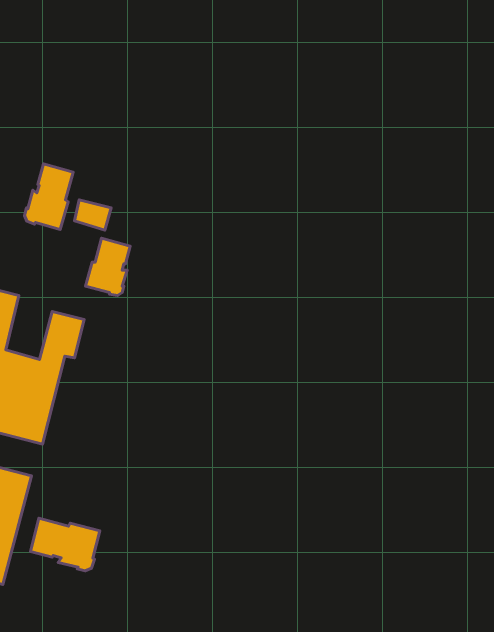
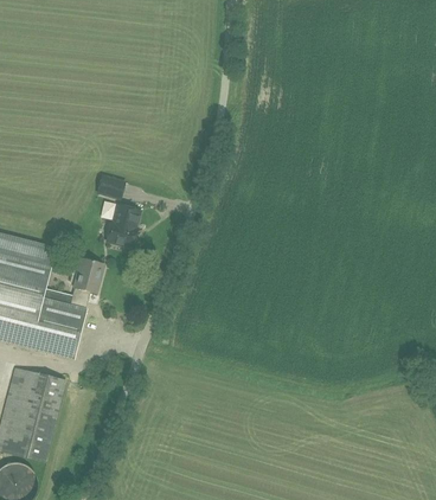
building: [24,164,73,230] -> none
building: [30,518,100,571] -> none

